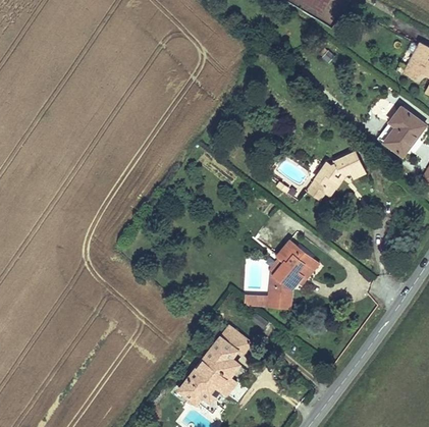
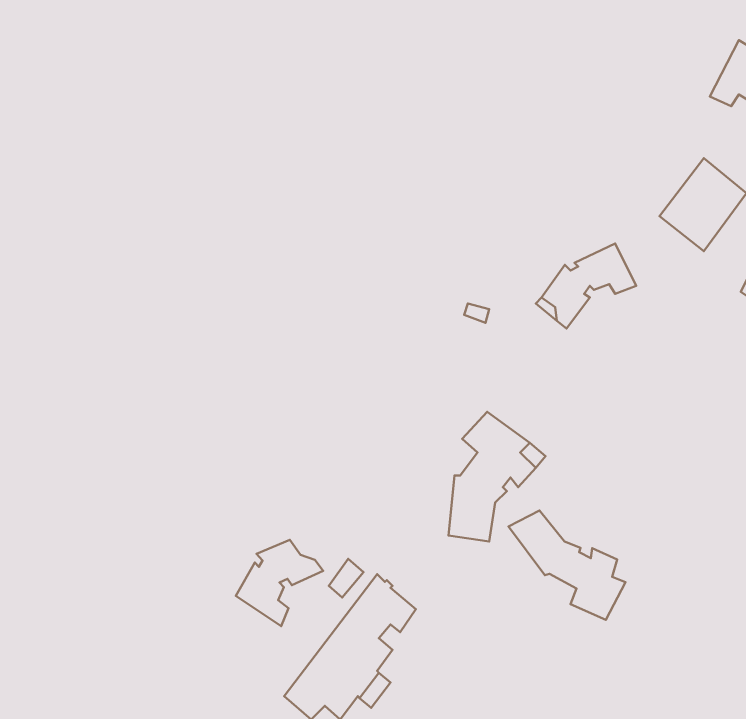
building: none -> [508,510,625,620]
building: none -> [236,540,323,626]

